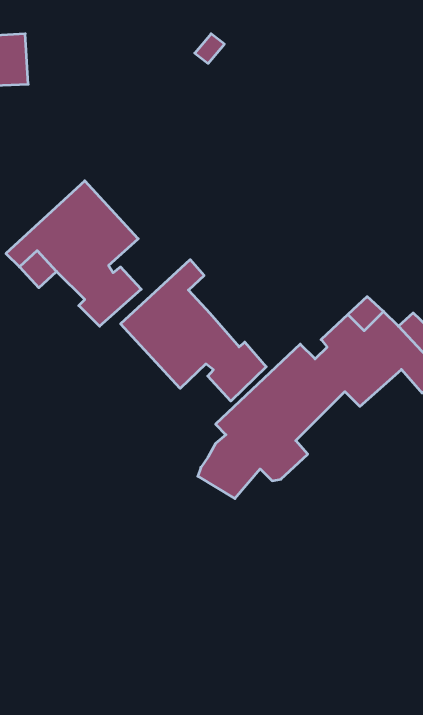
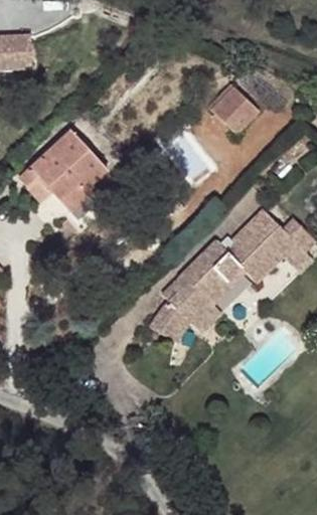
building: none -> [211,89,256,132]
building: [121,260,266,401] -> none

